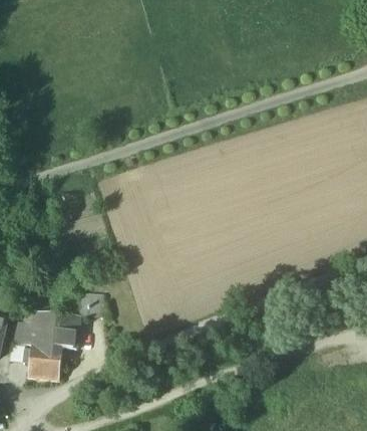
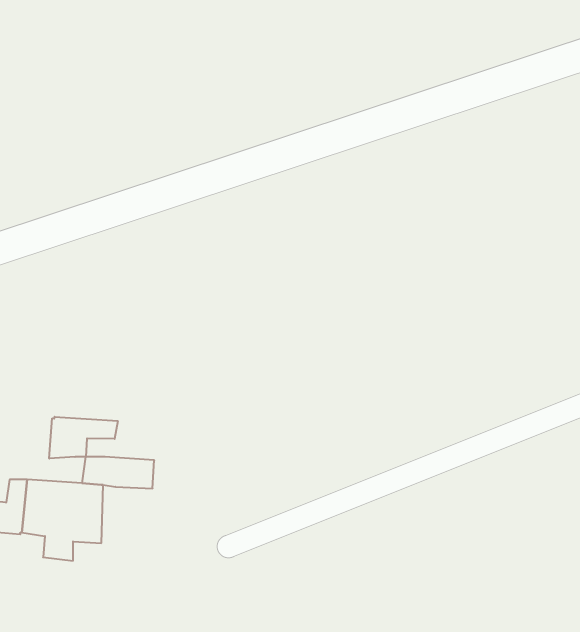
building: none -> [49,417,118,459]
building: [26,342,60,379] -> none

